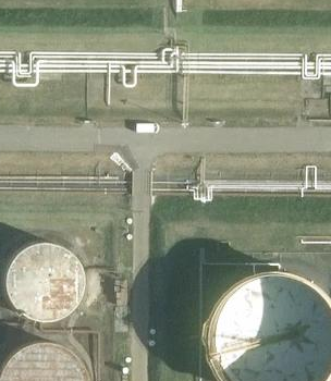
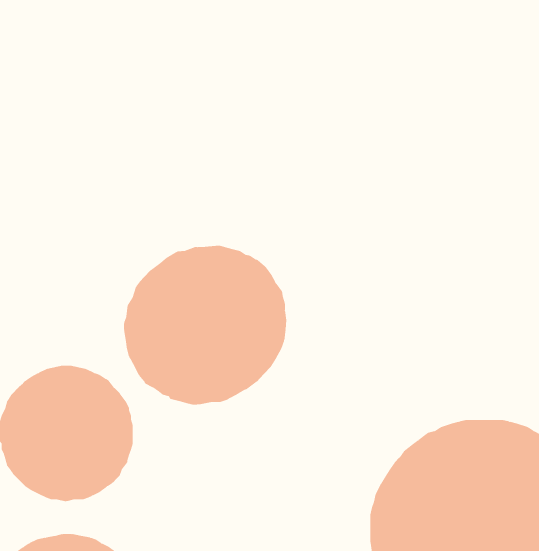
building: none -> [124,245,287,406]

